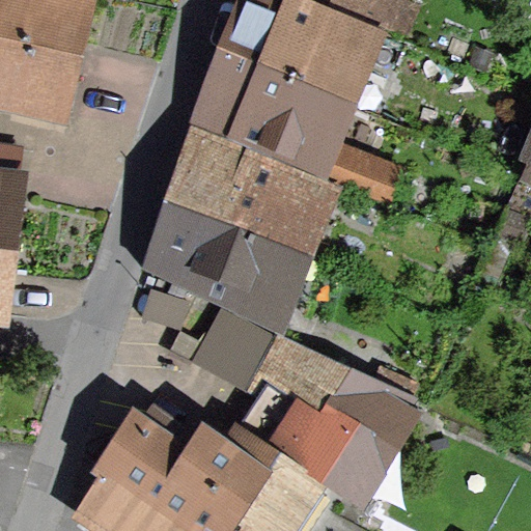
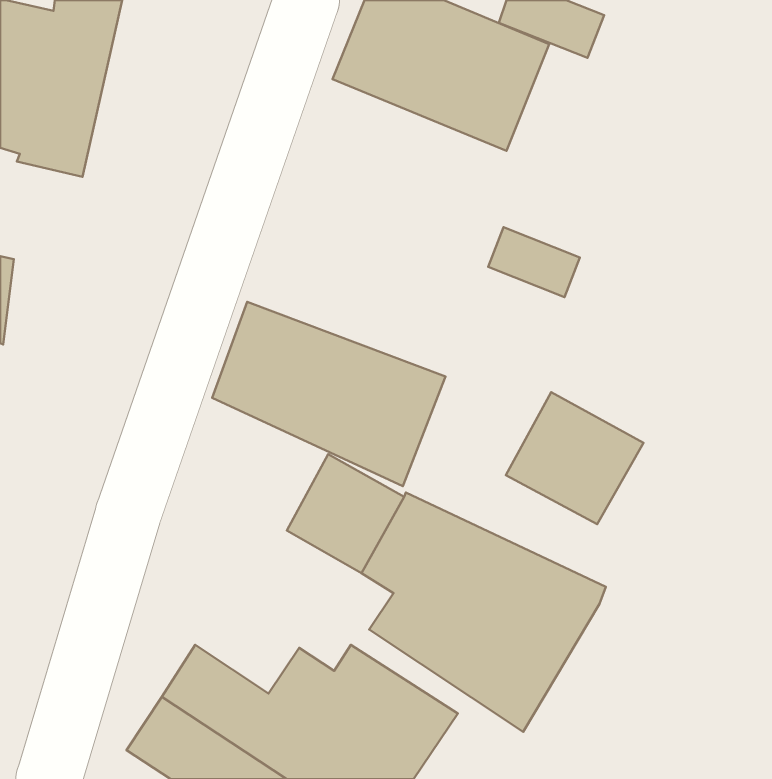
building: [202,54,350,174] -> none
building: [173,131,335,256] -> none
building: none -> [506,392,644,524]

